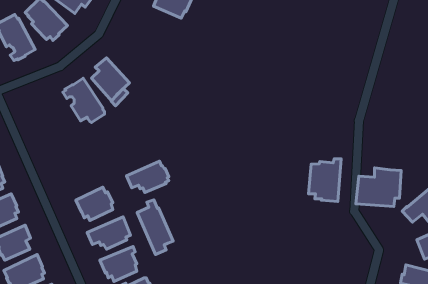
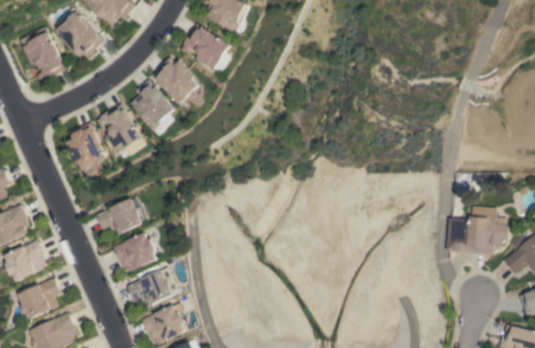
building: none -> [182,24,233,70]
building: none -> [153,58,201,103]
building: none -> [67,121,112,176]
building: [308,159,341,202] -> none
building: [126,161,169,193] -> [96,197,146,234]
building: [137,200,173,255] -> none

